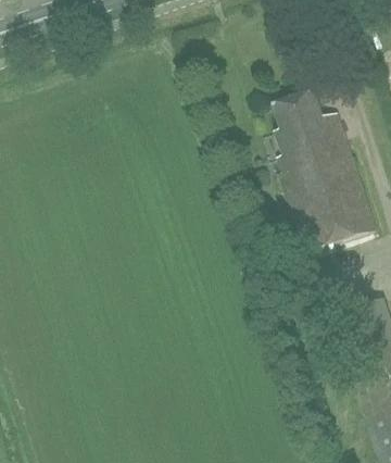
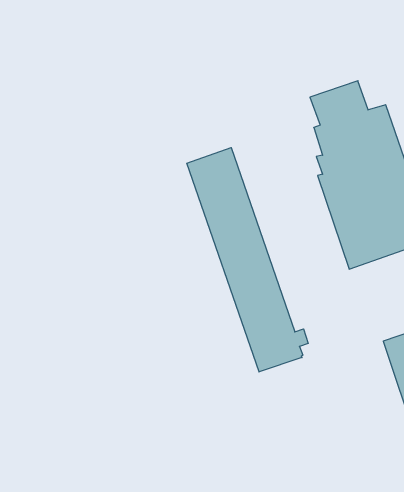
building: none -> [187,148,308,372]

